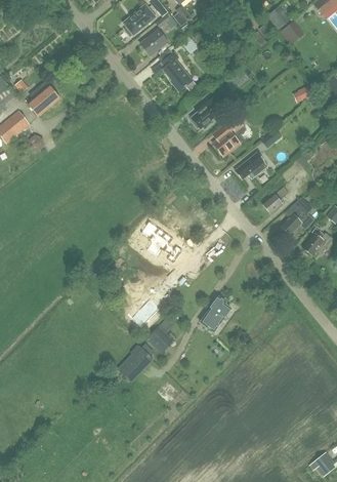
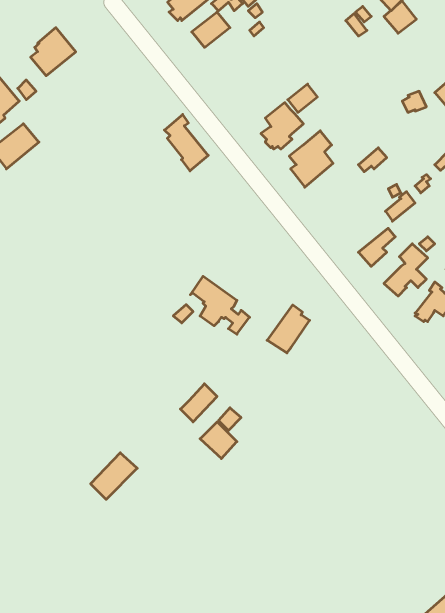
building: [161,50,193,91] -> [164,114,208,171]
building: [27,81,59,116] -> [31,28,76,76]
building: [234,151,267,178] -> none
building: [200,296,230,331] -> [267,305,310,353]
building: [118,346,152,379] -> [91,453,137,499]

